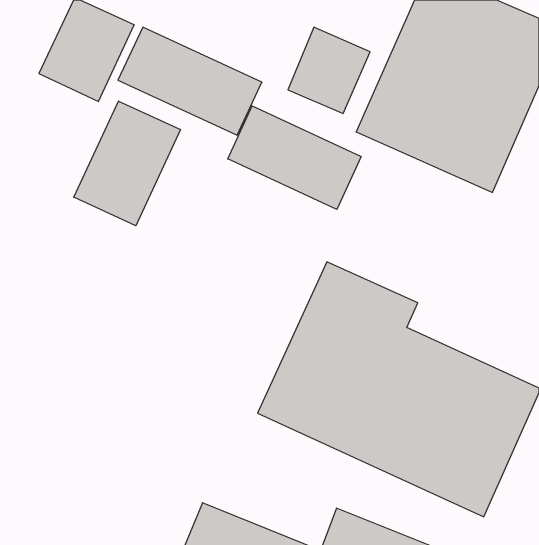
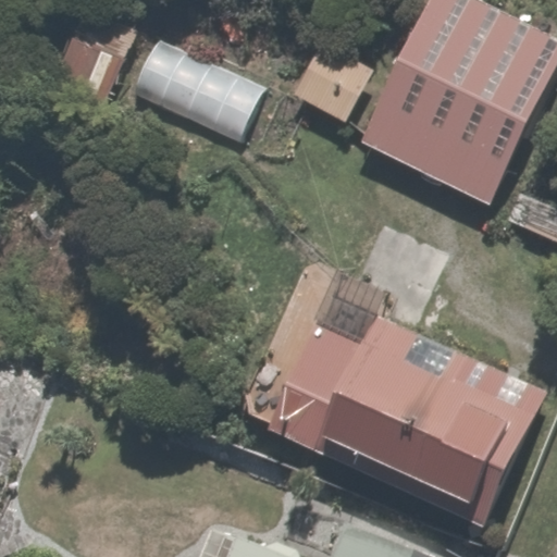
building: [74,101,180,226] -> none
building: [228,106,361,209] -> none

